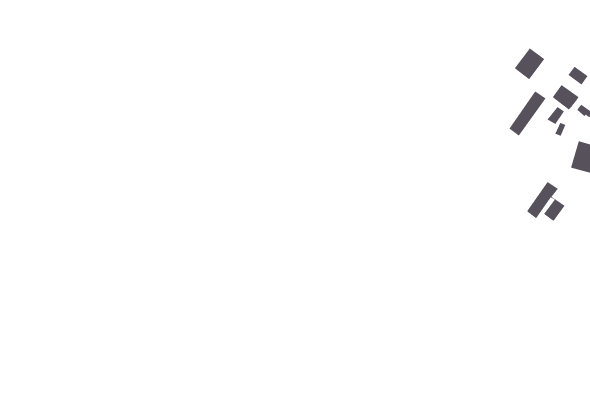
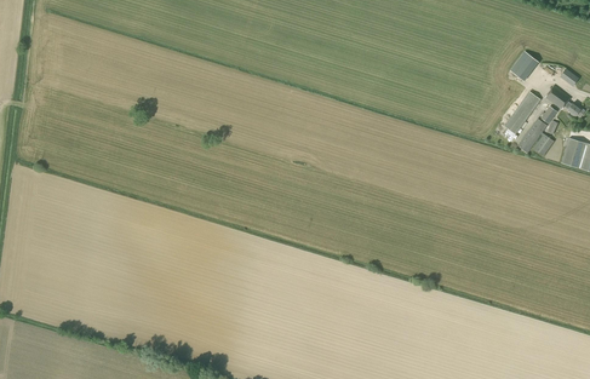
building: [526,181,565,222] -> [517,119,554,156]

